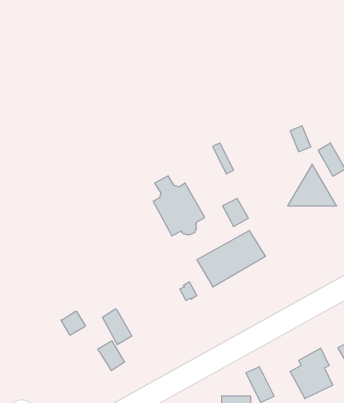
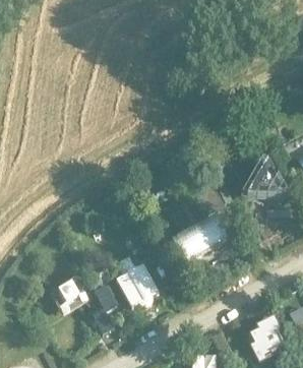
building: [153,176,205,236] -> [116,256,159,306]

